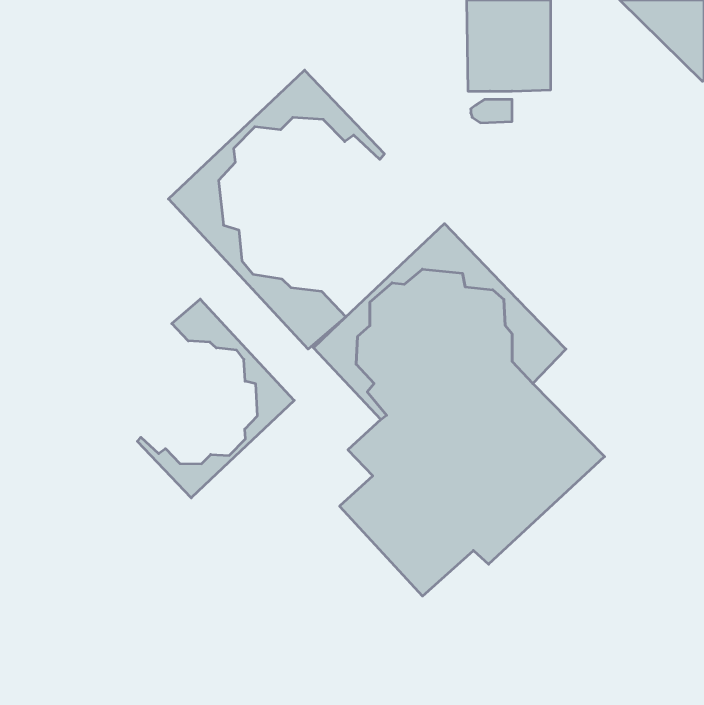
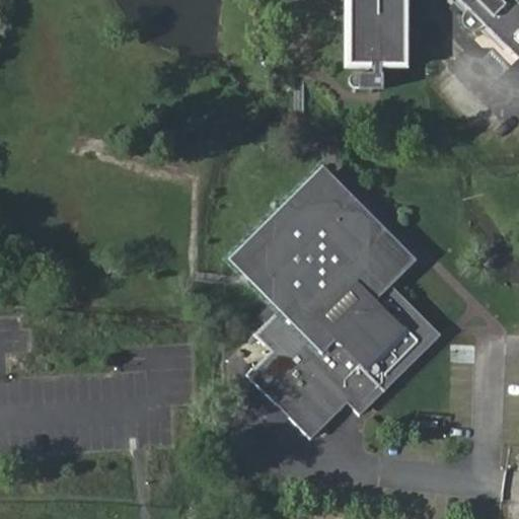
building: [168,70,384,349] -> none
building: [137,299,294,498] -> none

